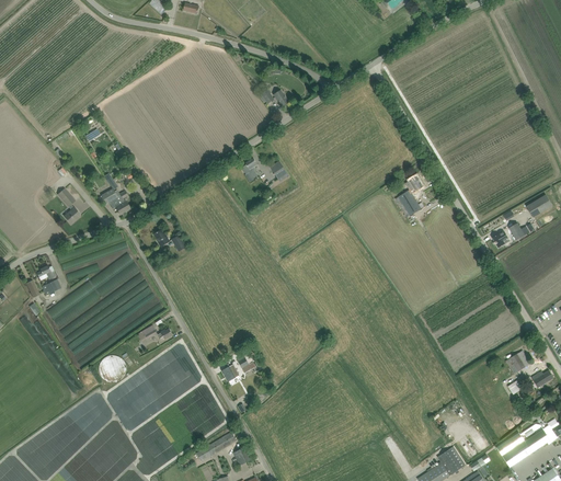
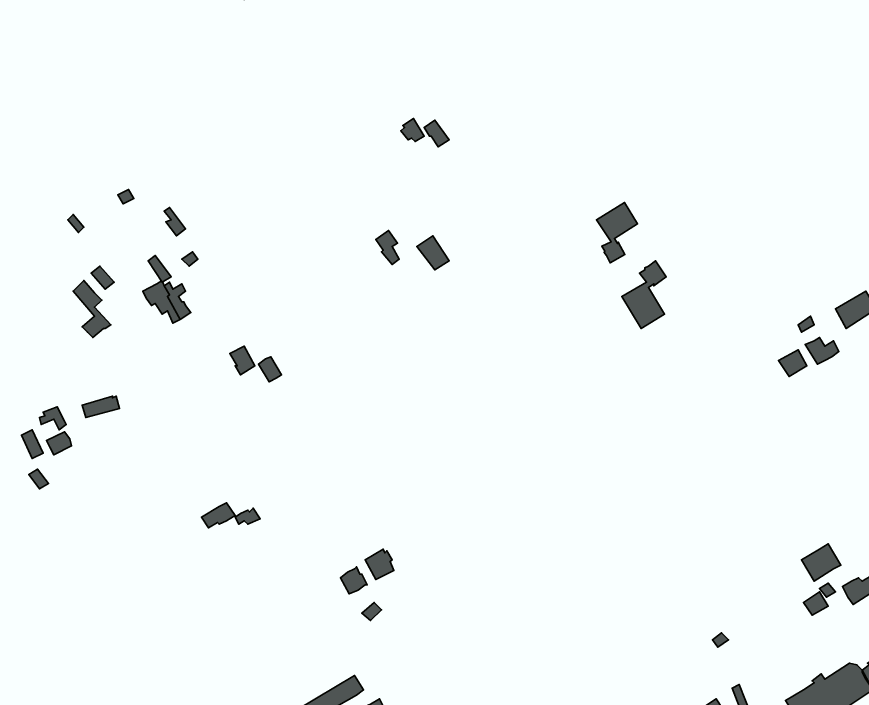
building: none -> [596,203,638,263]

